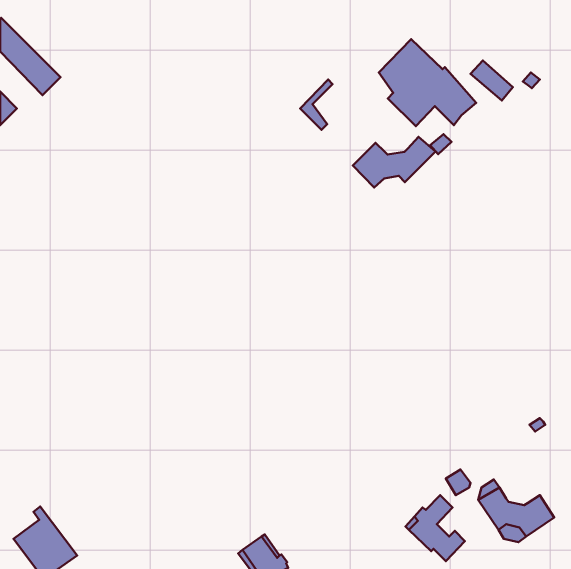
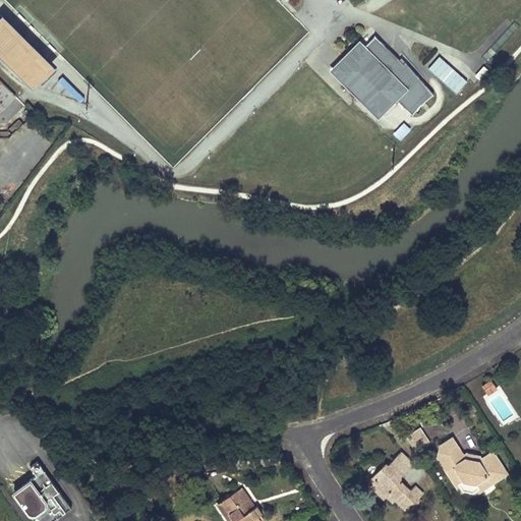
building: [300,80,333,130] -> [334,46,363,92]
building: [353,137,435,188] -> none

